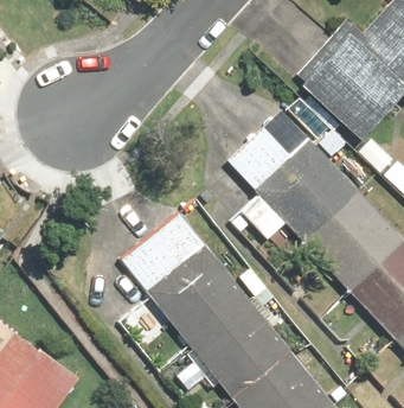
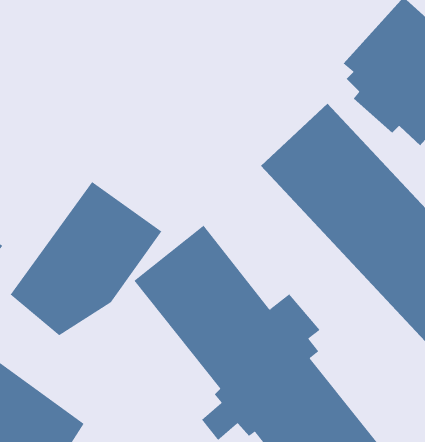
building: none -> [10,181,162,336]

